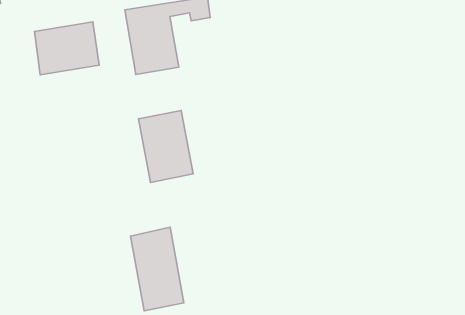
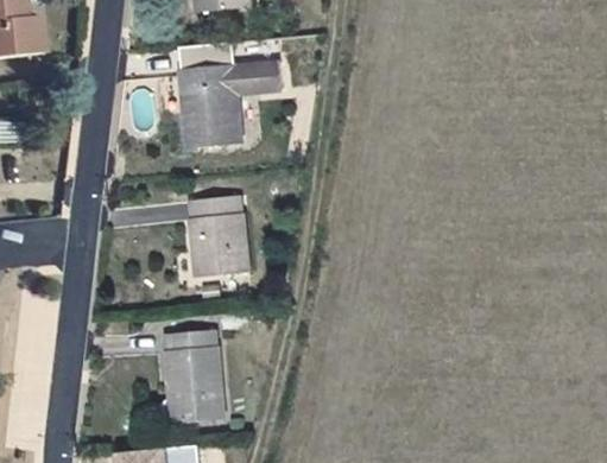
building: [35,22,99,75] -> none

